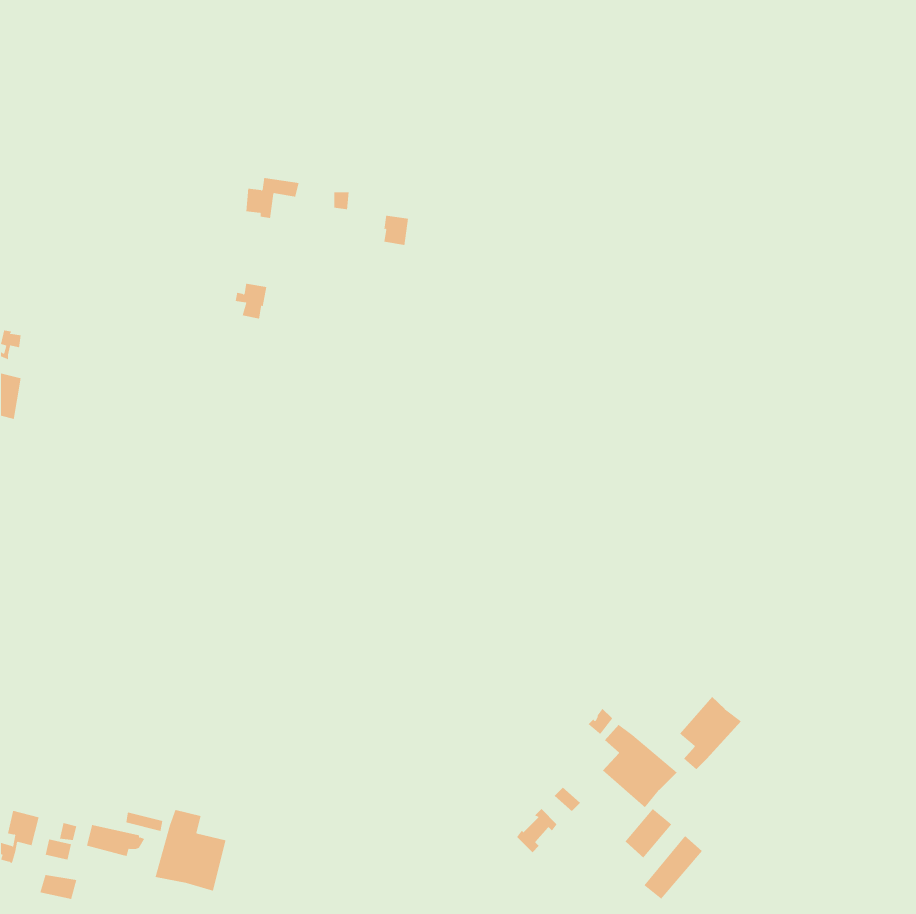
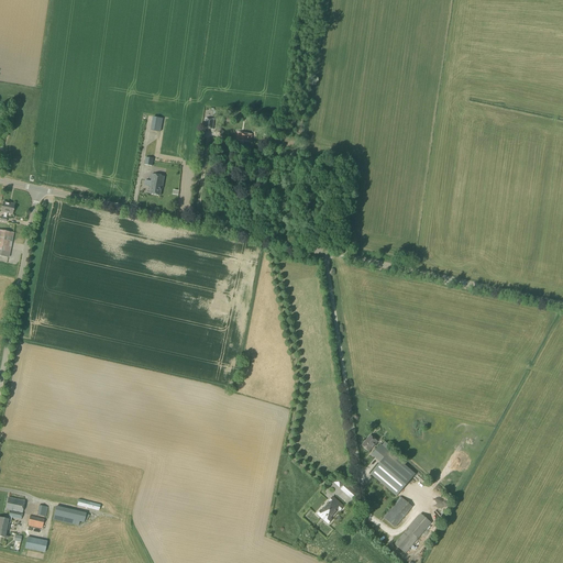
building: [679,696,742,770] -> none
building: [155,809,226,891] -> none

